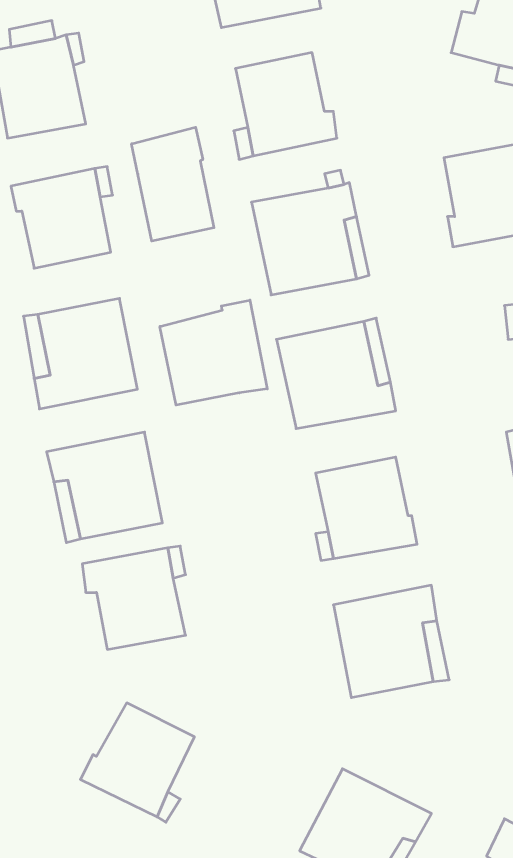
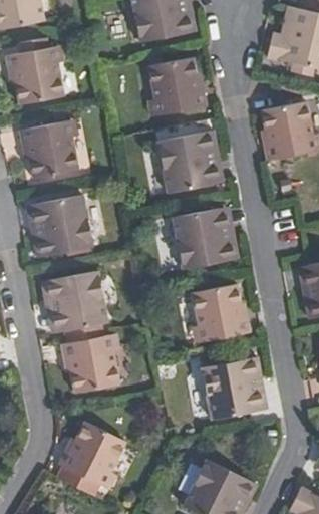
building: [132,127,214,241] -> none
building: [160,300,267,405] -> none

